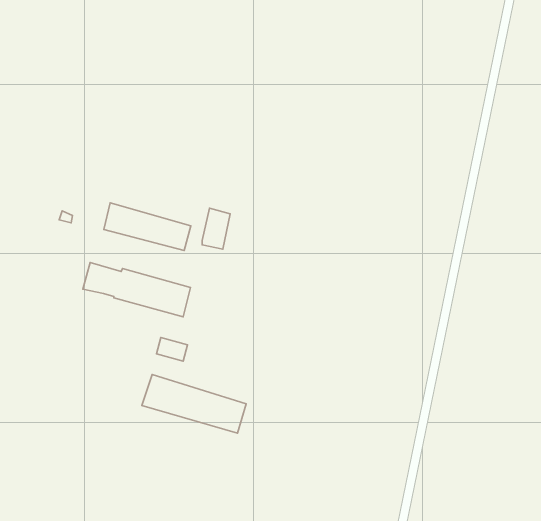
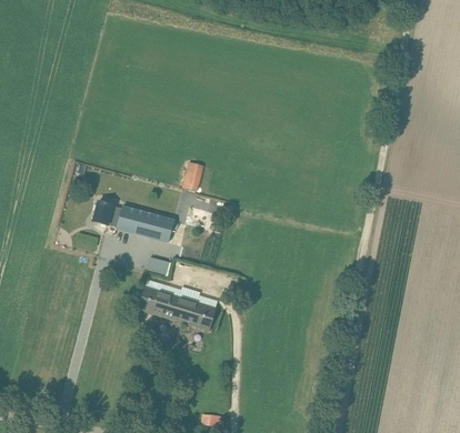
building: [104,203,191,251] -> none

